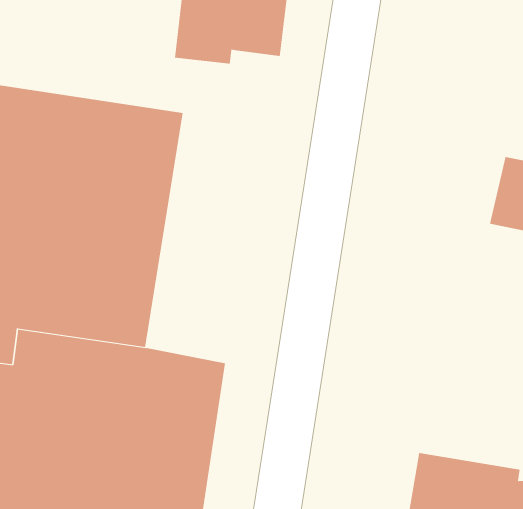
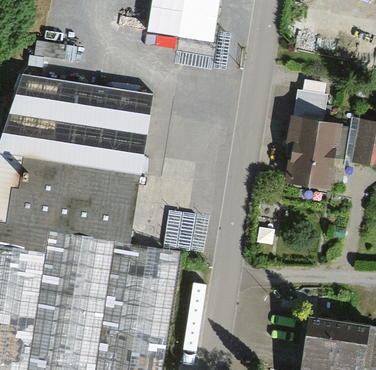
building: none -> [284,89,351,186]

